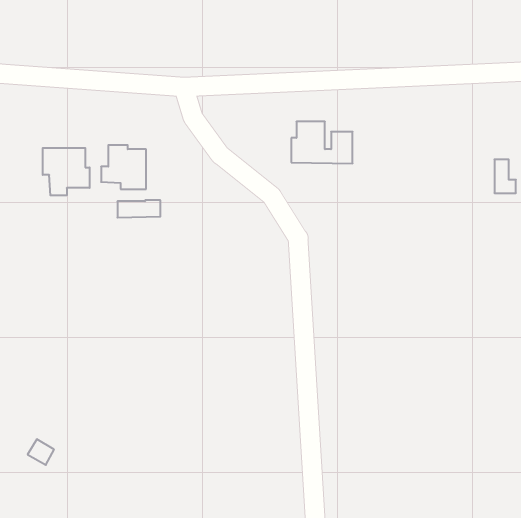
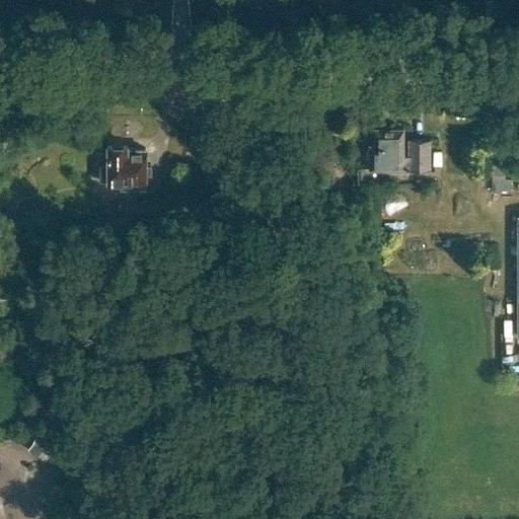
building: [291,122,353,163] -> [370,132,431,173]
building: [43,148,90,195] -> none

